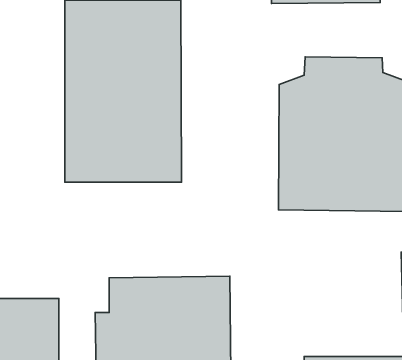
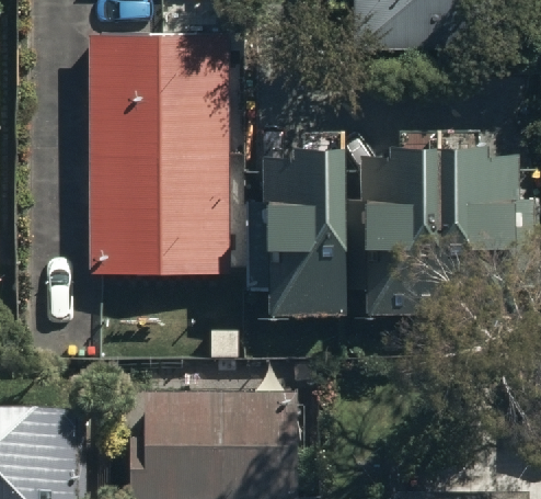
building: none -> [243,116,348,305]

